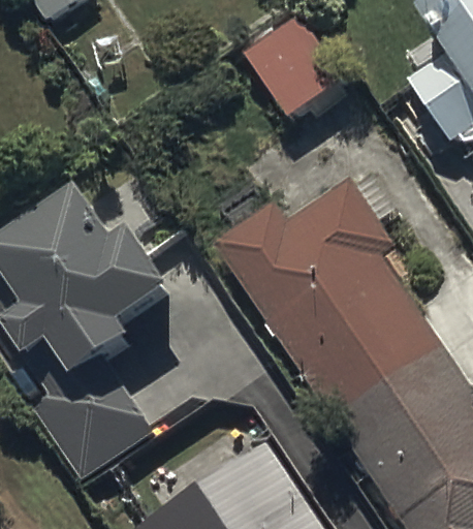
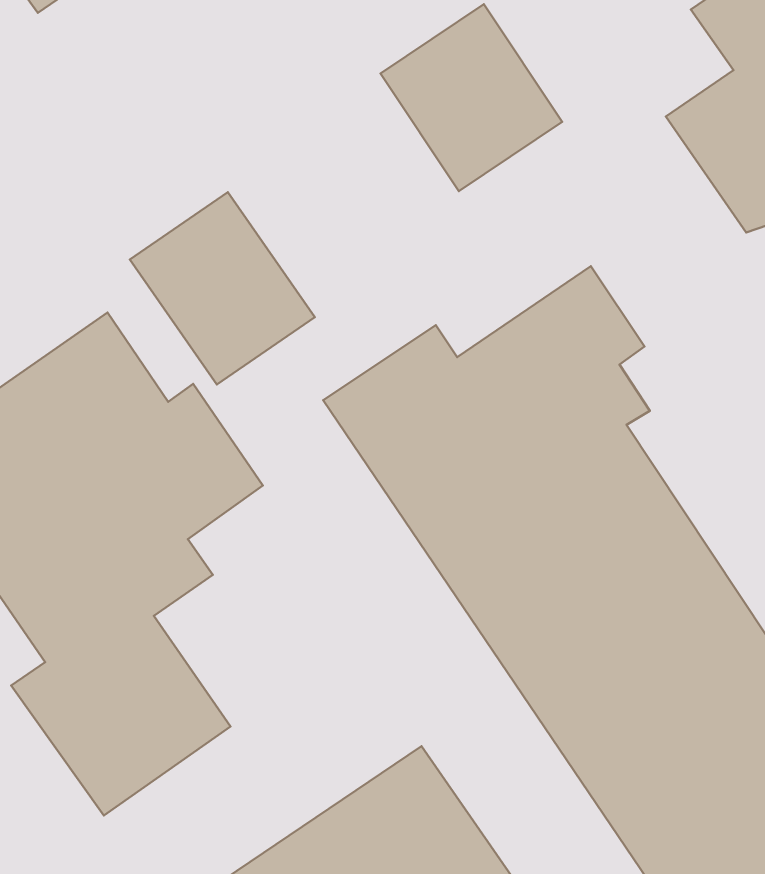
building: none -> [130,192,315,385]

